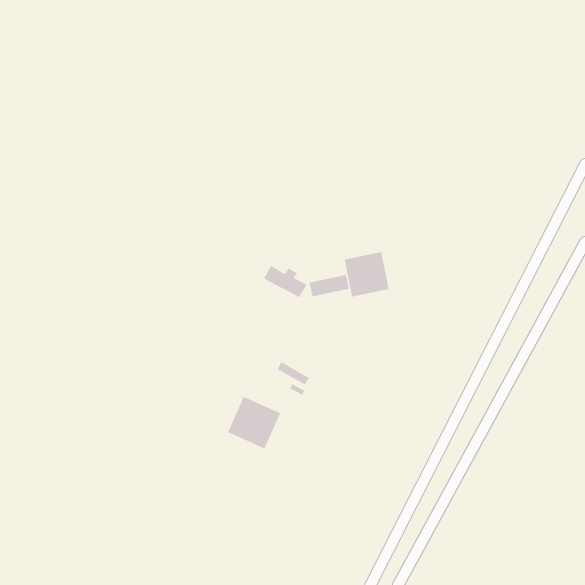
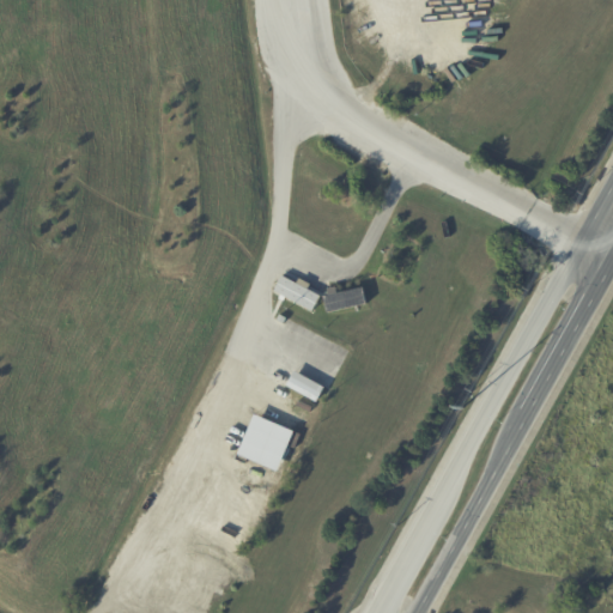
building: [344,251,390,298] -> none

